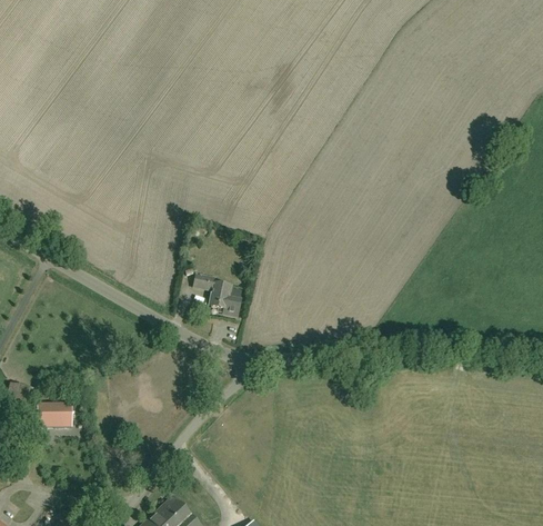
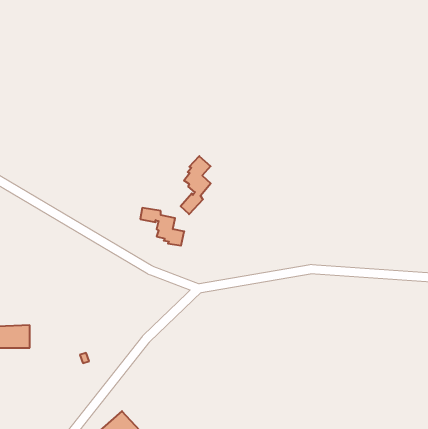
building: none -> [181,156,211,214]

